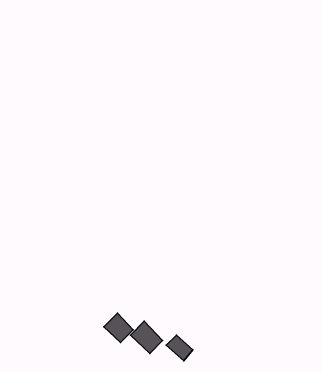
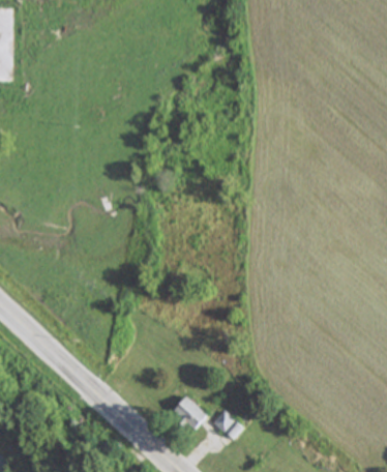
building: [104,313,133,343] -> none

